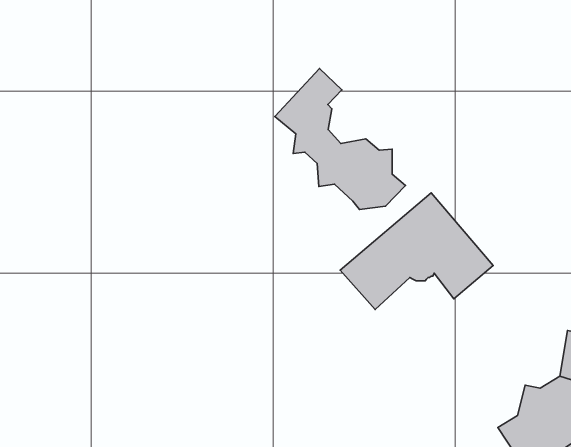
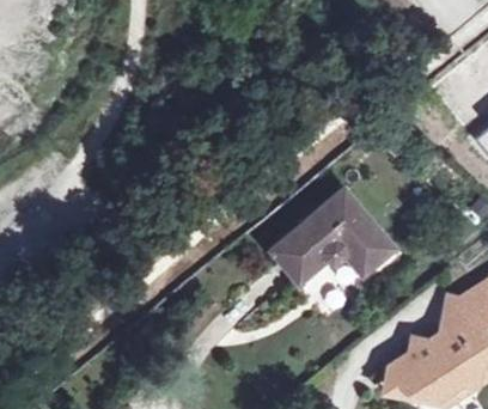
building: [275,69,406,210] -> none

